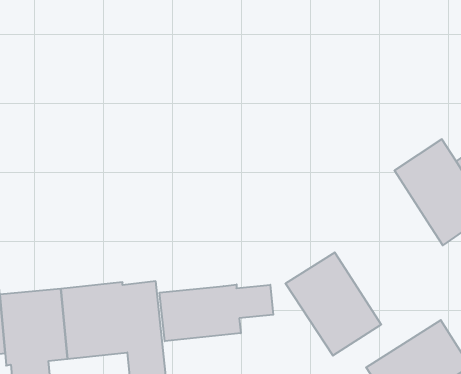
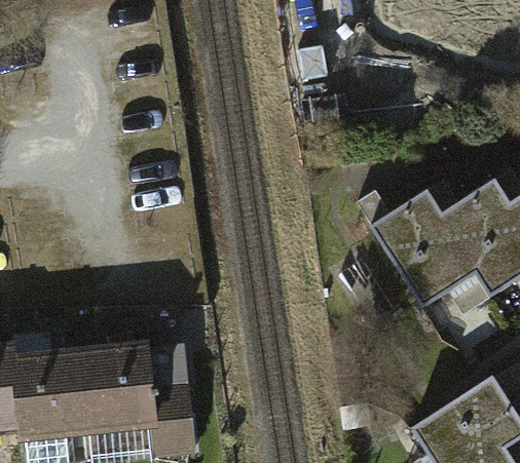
building: [285,252,381,356] -> [374,195,478,307]
building: [160,284,273,341] -> none

